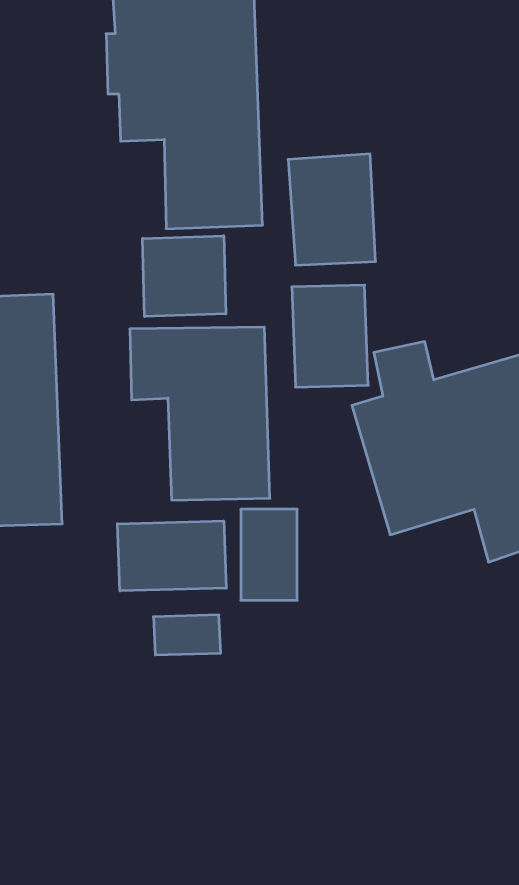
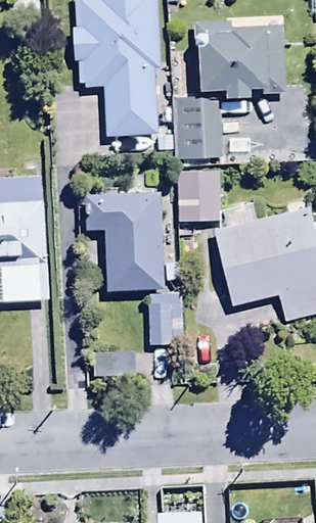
building: none -> [195,20,282,98]
building: [143,236,226,317] -> none
building: [117,521,226,591] -> none

